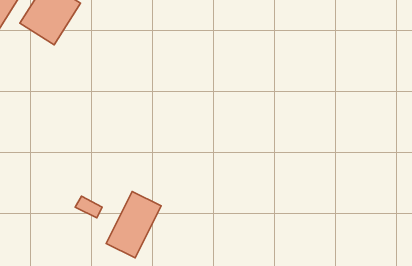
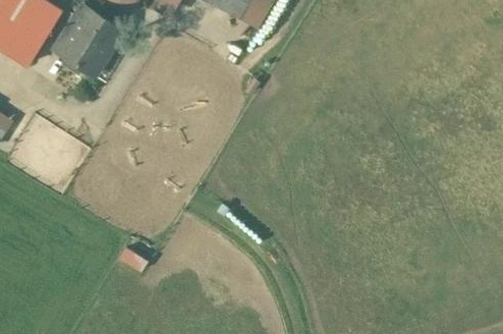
building: [106,191,161,258] -> none

